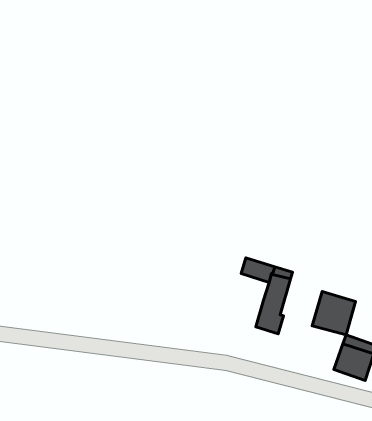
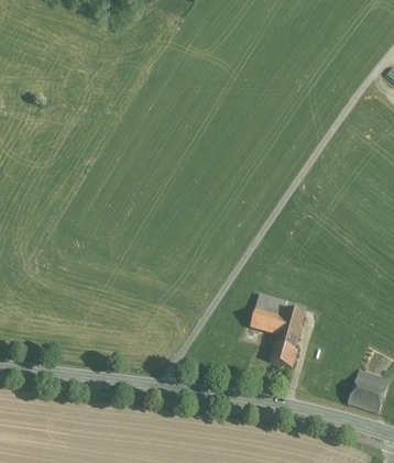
building: none -> [251,308,284,334]
building: [312,291,355,335] -> none

